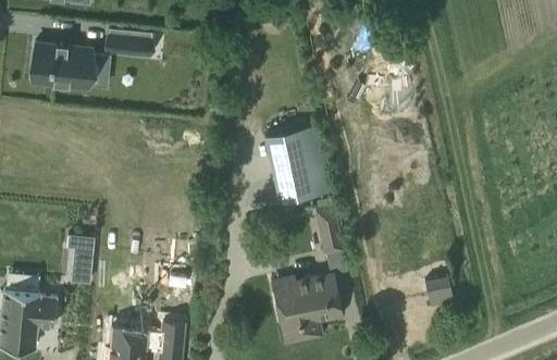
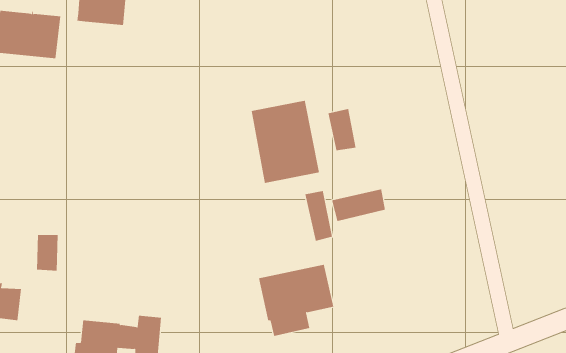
building: none -> [328,108,356,151]
building: none -> [332,189,386,222]
building: [424,277,455,307] -> none

